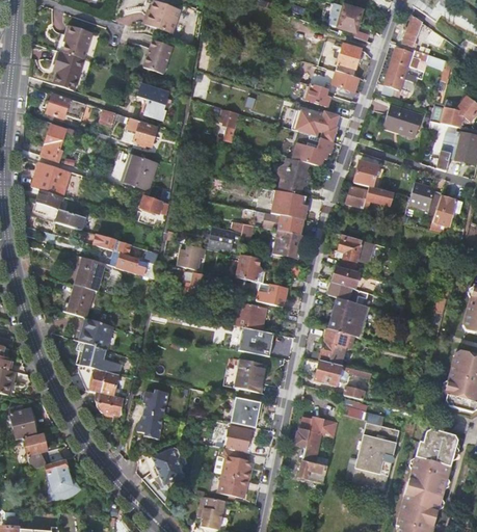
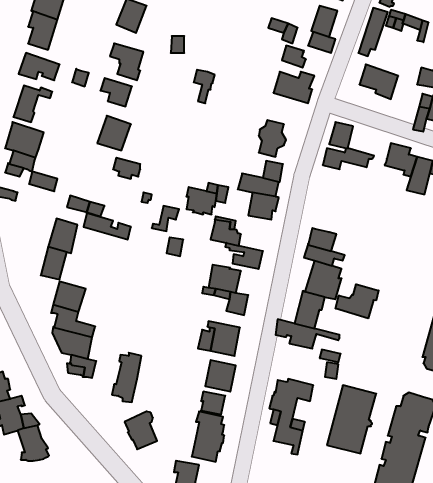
building: [290,131,335,166] -> none
building: [338,236,374,270] -> none
building: none -> [336,284,379,318]

